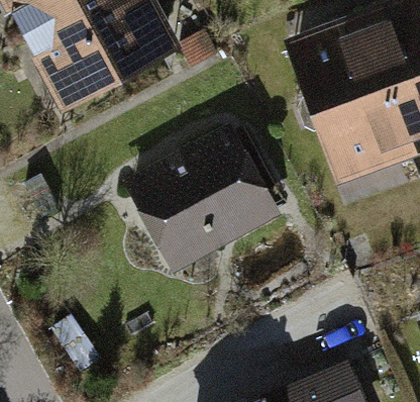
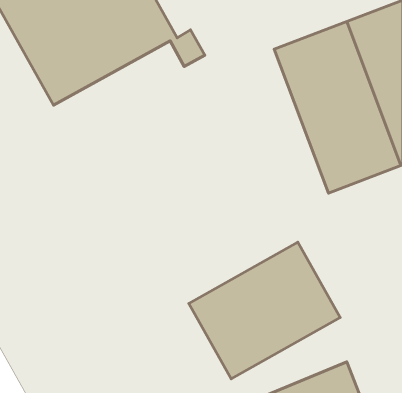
building: [129,121,284,269] -> none
building: none -> [189,242,340,379]

